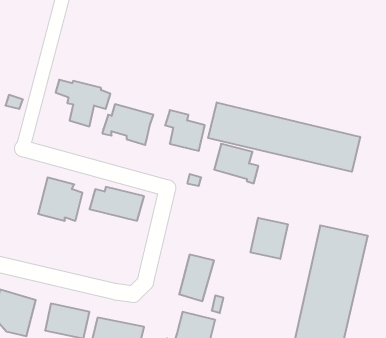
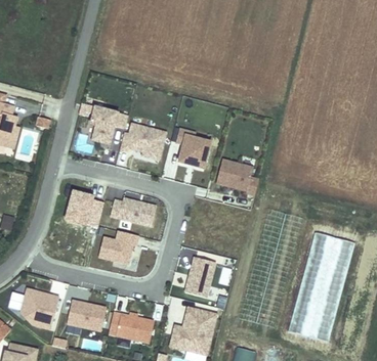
building: [208,102,360,172] -> none
building: [251,218,288,259] -> none
building: none -> [97,229,137,264]

